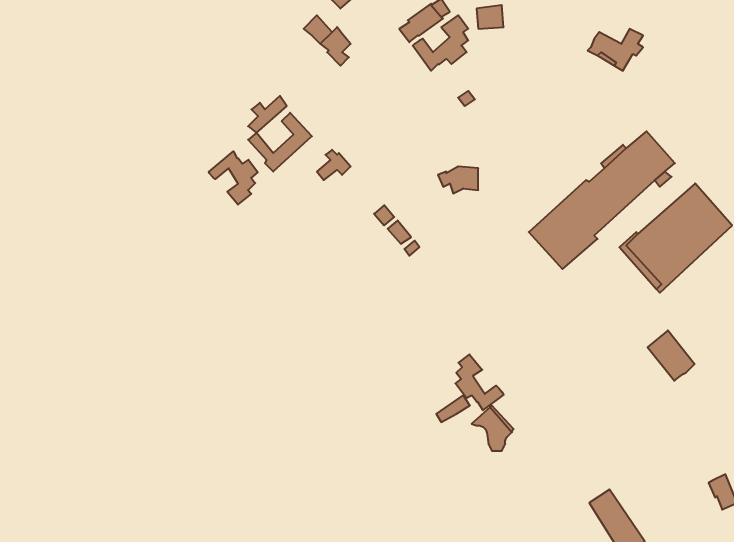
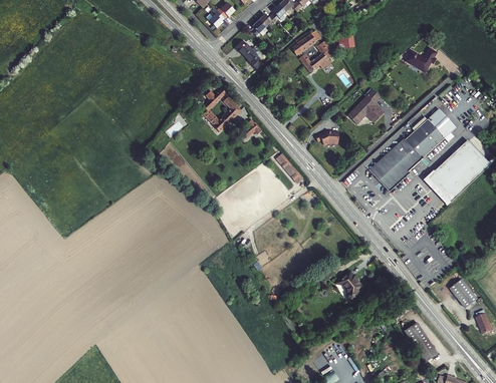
building: none -> [346,88,385,124]
building: [209,151,258,205] -> none
building: [648,330,695,381] -> [449,278,477,308]
building: [455,354,504,410] -> none

